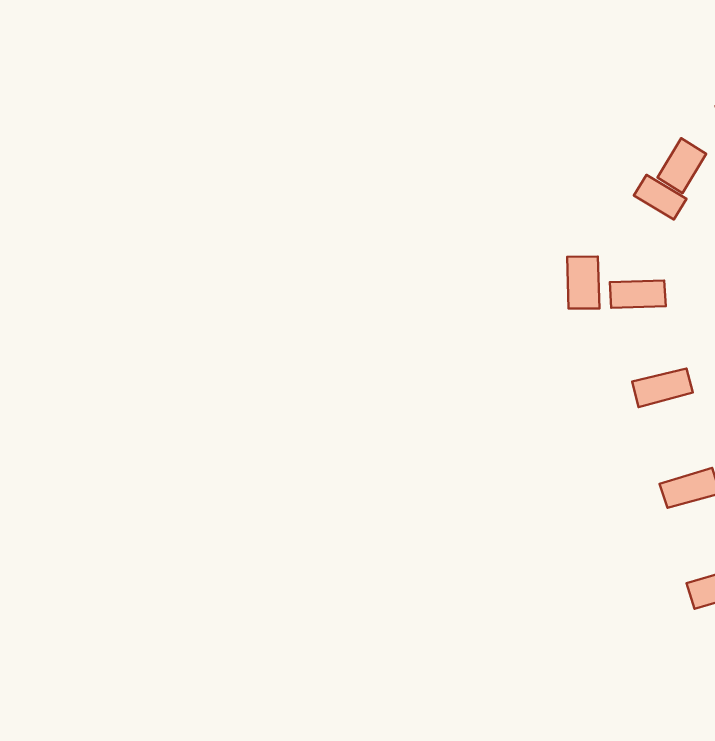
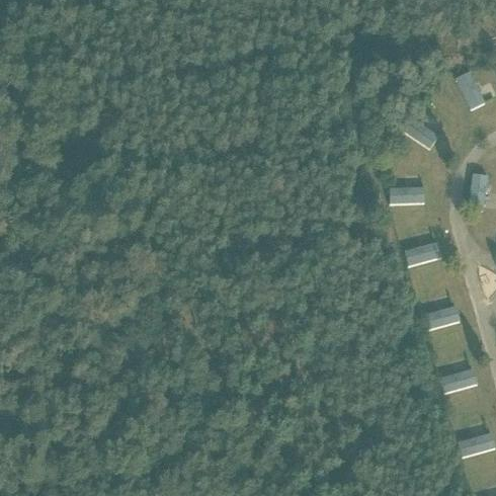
building: [658,138,706,193] -> none
building: [567,257,599,309] -> none

